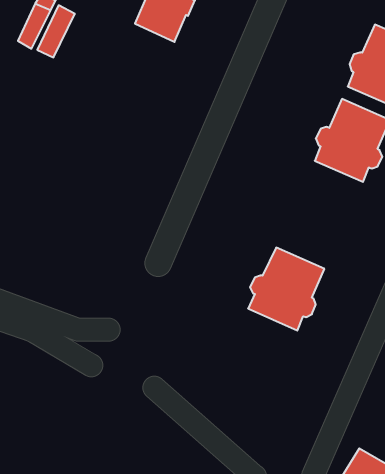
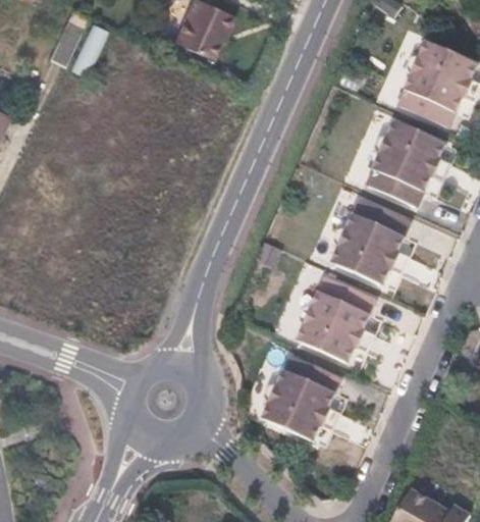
building: none -> [329,198,409,285]
building: none -> [259,355,339,442]

